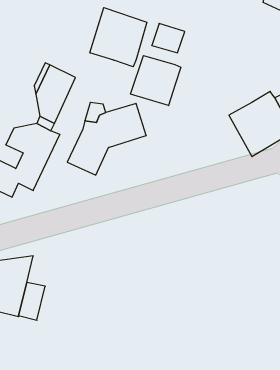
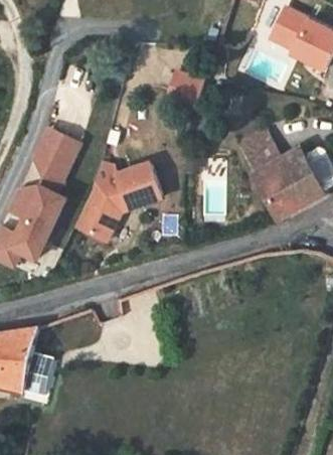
building: [90,8,147,67] -> none
building: [131,56,181,106] -> none
building: none -> [237,132,279,175]

